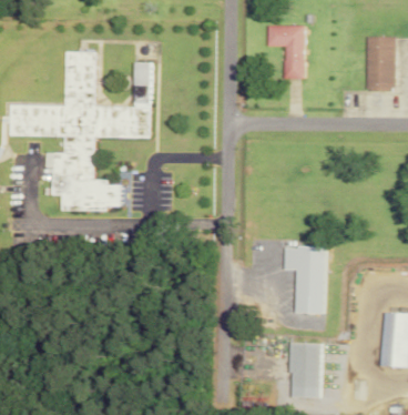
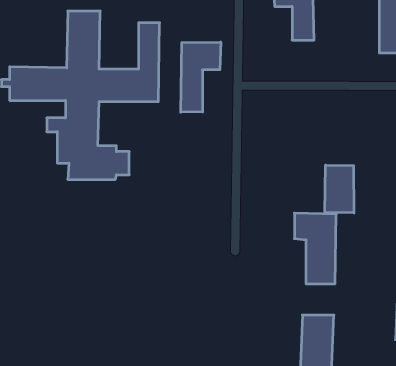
building: none -> [181,42,221,112]
building: none -> [325,165,354,213]

